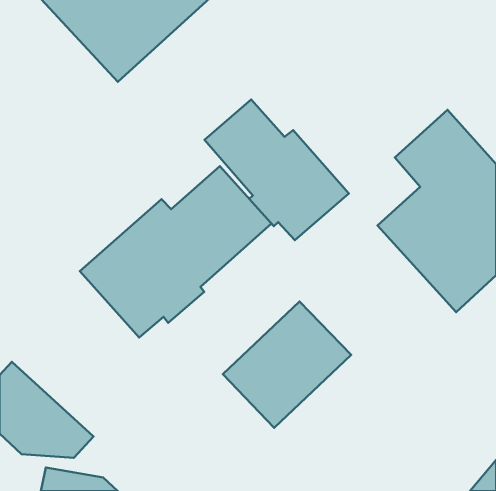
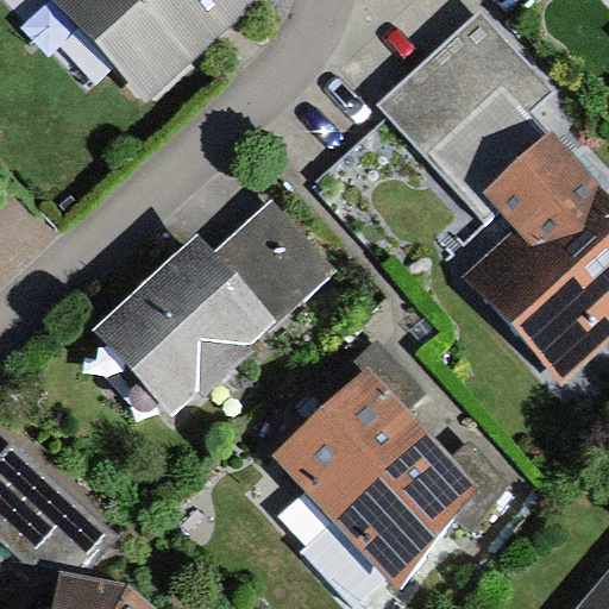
building: none -> [377,8,554,193]
building: [204,99,349,240] -> none
building: none -> [335,434,504,591]

